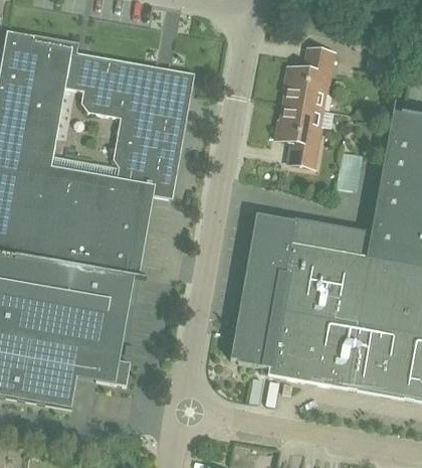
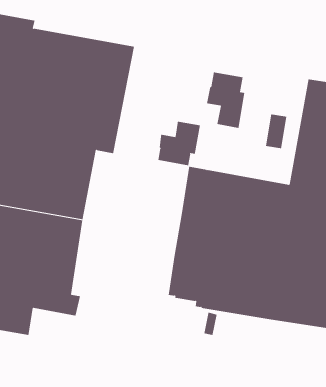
building: [284,48,335,109] -> none
building: none -> [158,121,201,166]

